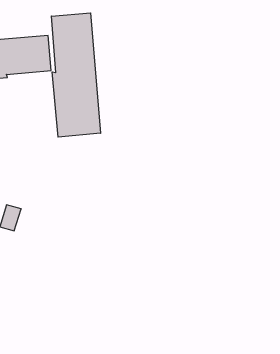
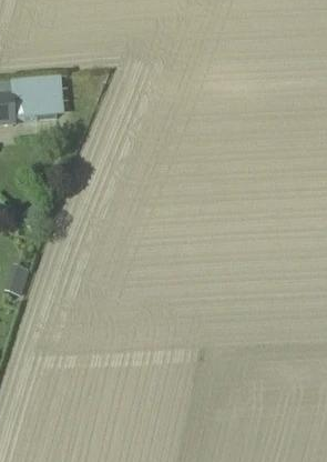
building: [51,13,101,137] -> none

